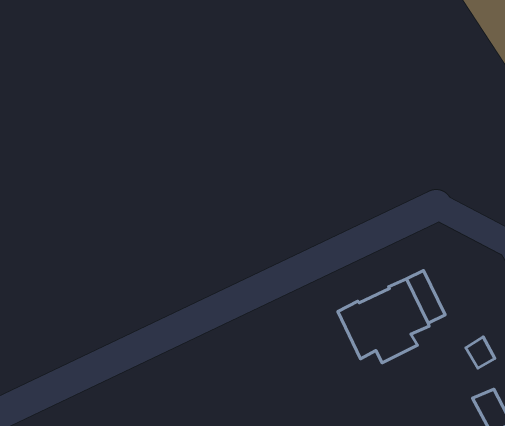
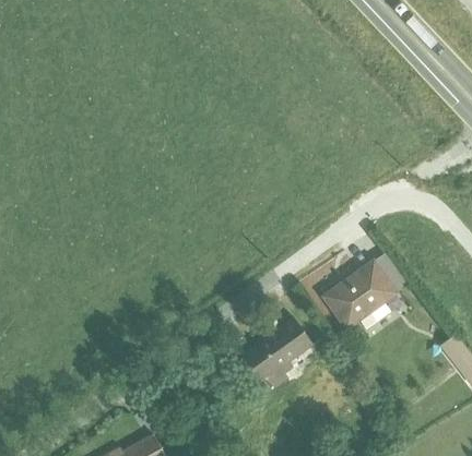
building: none -> [239,317,311,393]

